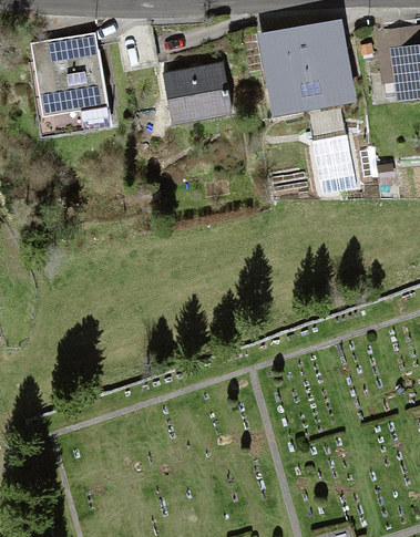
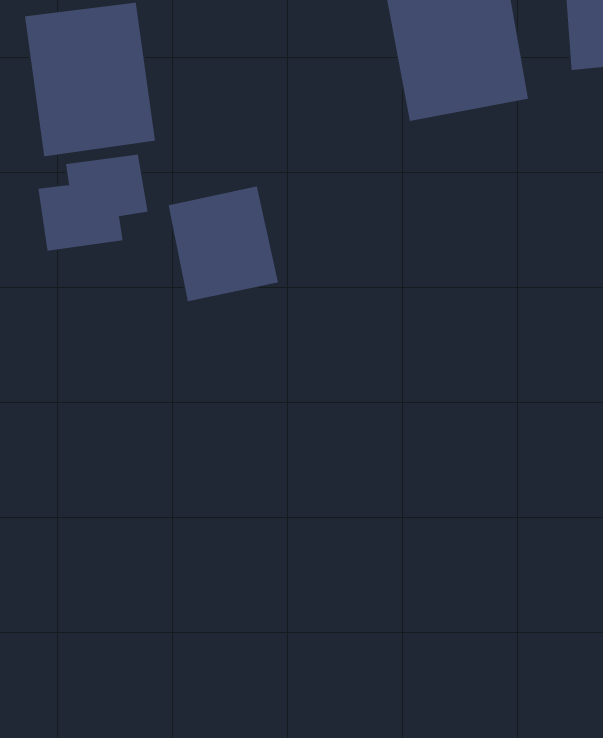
building: [164,58,234,131] -> [168,186,279,302]
building: none -> [38,154,148,251]

